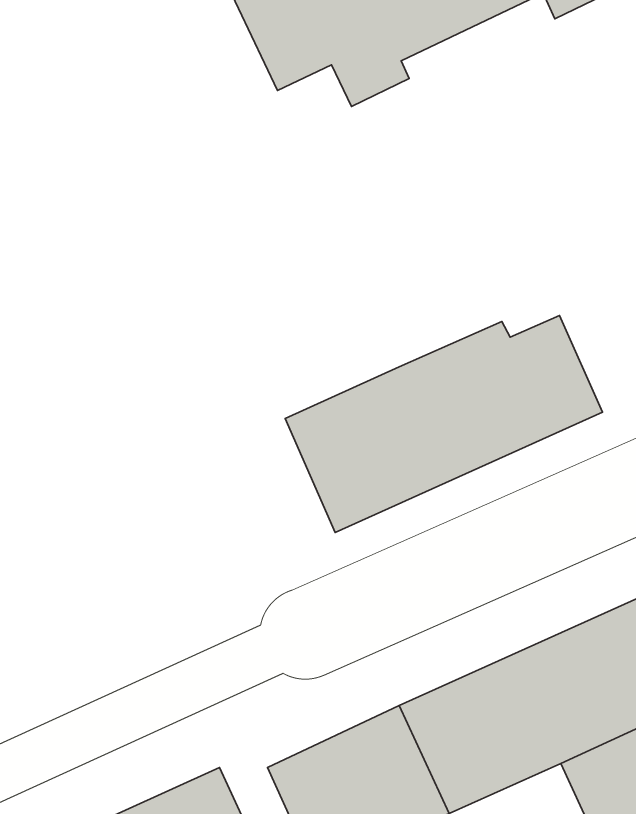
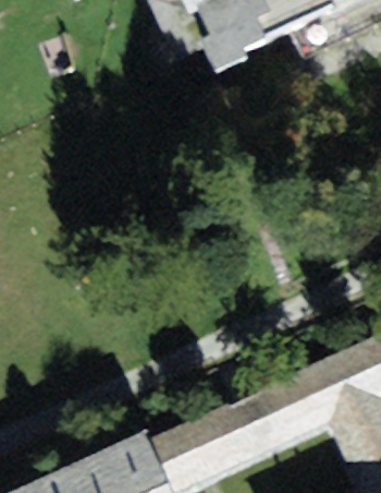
building: [285,316,602,533] -> none

